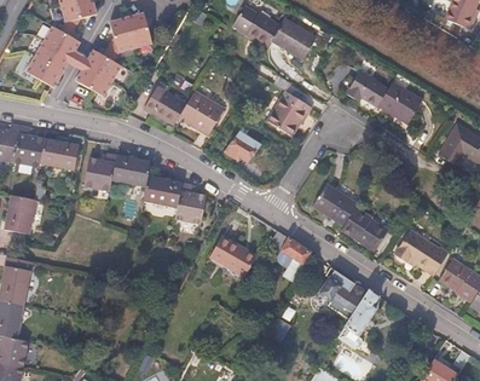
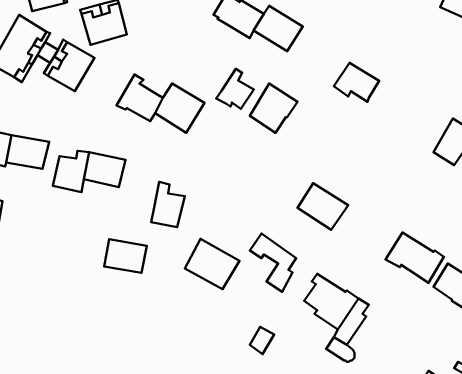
building: [378,80,423,123] -> none
building: [225,125,260,162] -> [216,69,254,109]
building: [143,175,183,207] -> [104,239,147,273]
building: [341,207,389,252] -> none

